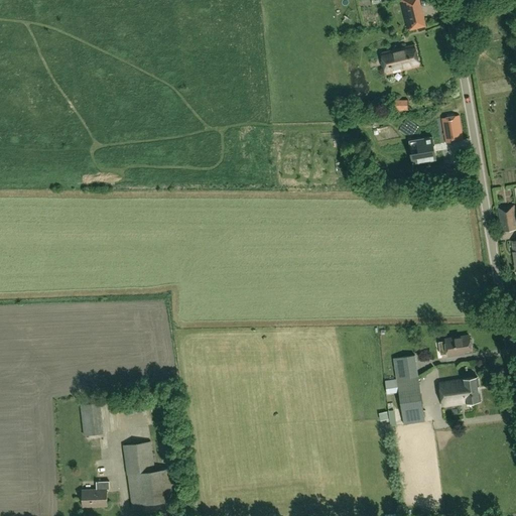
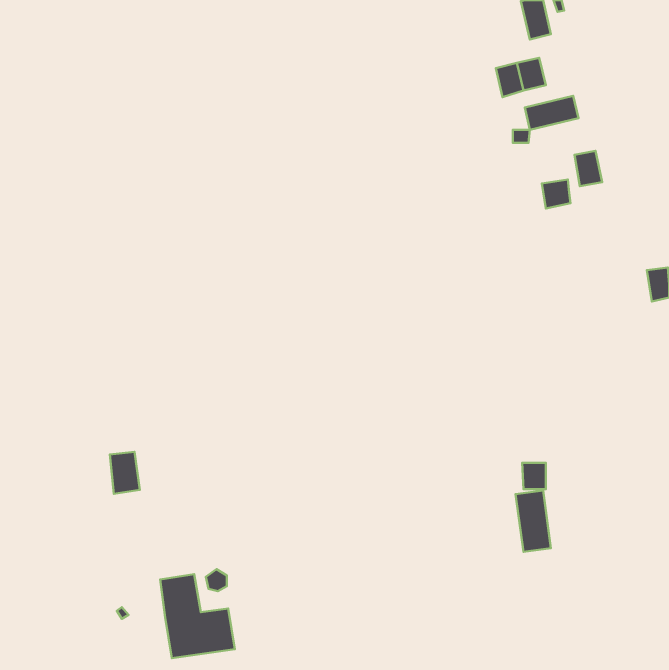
building: none -> [525,96,578,130]
building: [445,336,473,356] -> none
building: [438,377,481,406] -> none
building: [80,403,103,435] -> [110,452,140,494]
building: [82,482,109,505] -> none

